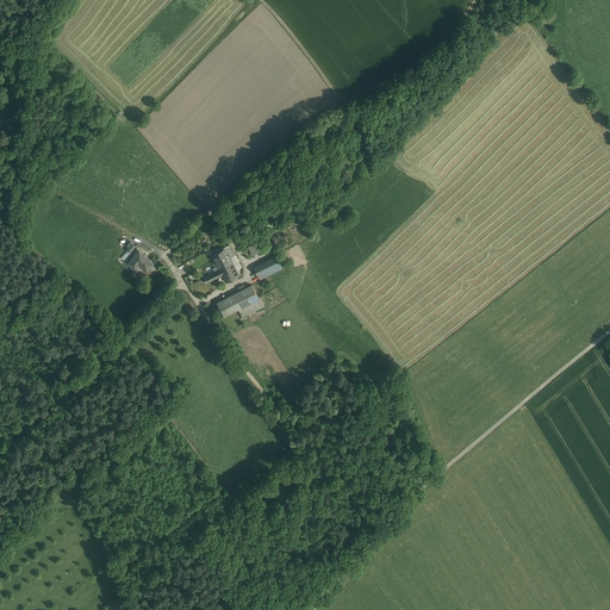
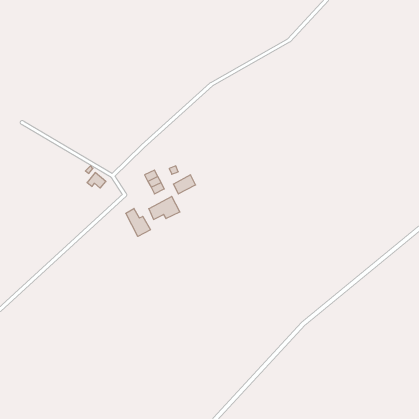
building: none -> [126,208,150,236]

